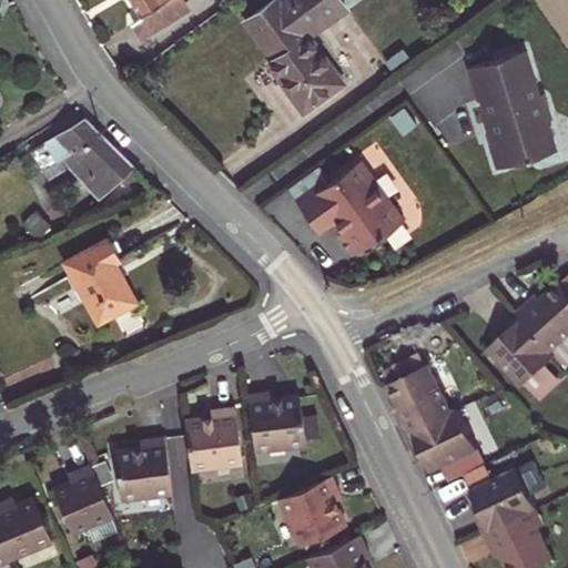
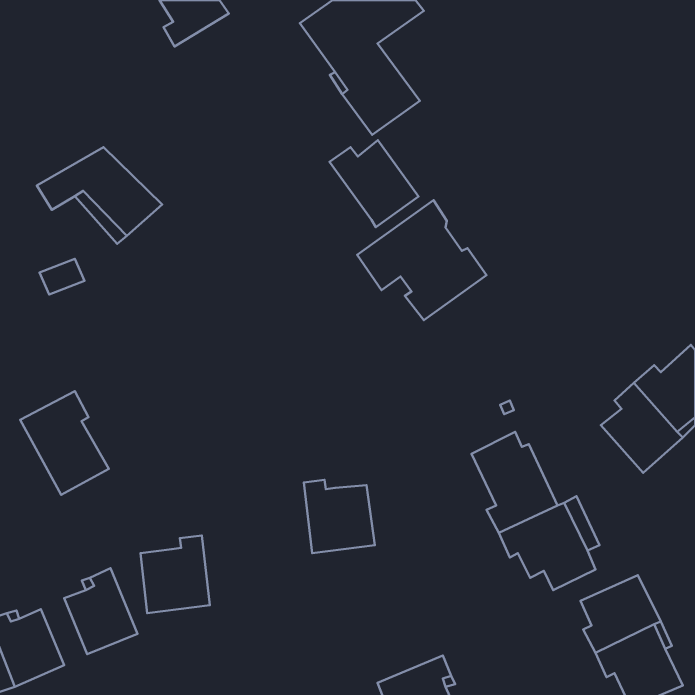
building: [466,53,557,172] -> none
building: none -> [329,140,419,227]
building: [64,240,136,324] -> [20,391,109,495]
building: [184,406,242,469] -> none
building: [277,476,348,550] -> none

